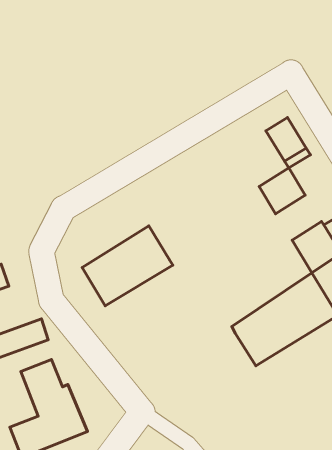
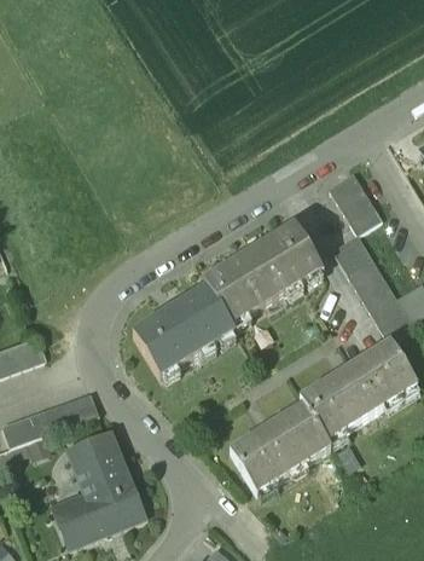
building: none -> [202,230,319,328]
building: none -> [345,256,396,306]
building: none -> [227,409,327,497]

